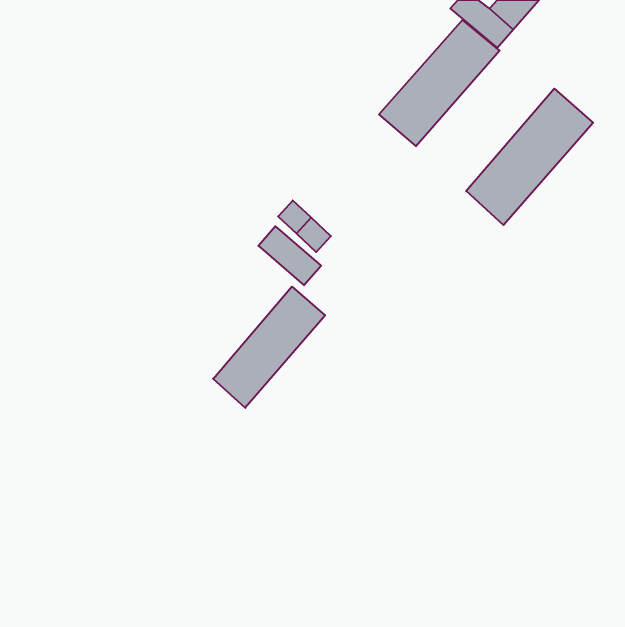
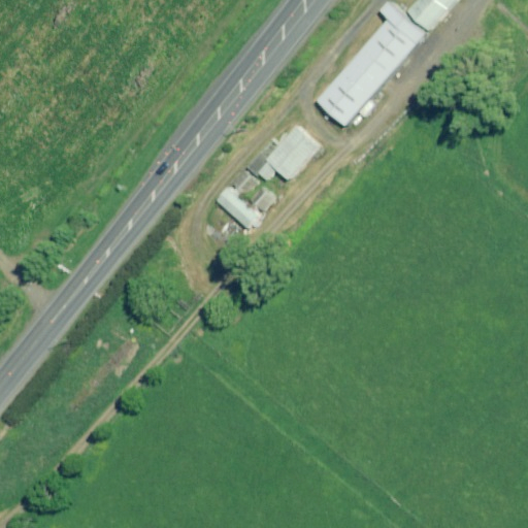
building: [466,89,593,225] -> none
building: none -> [258,125,318,187]
building: [213,287,325,408] -> none

